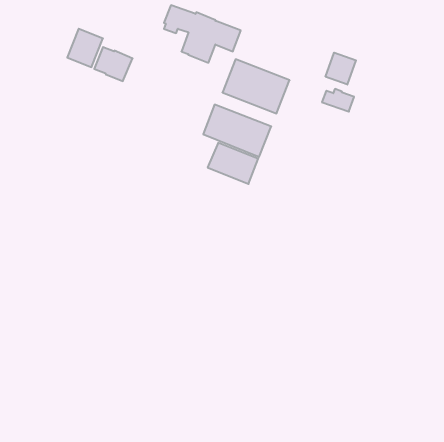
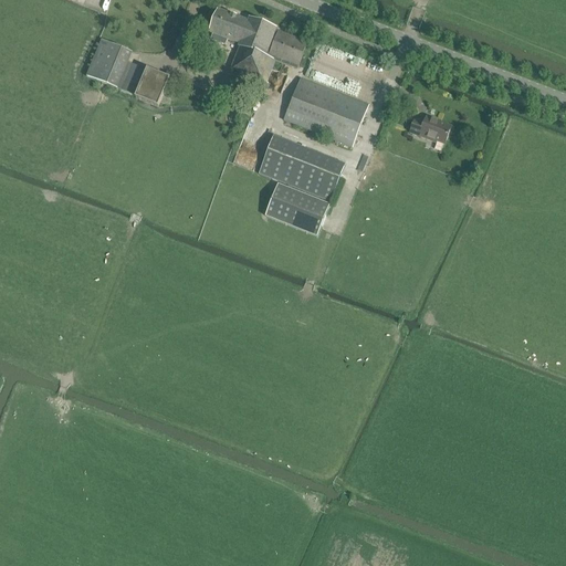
building: [326,53,356,85] -> none

